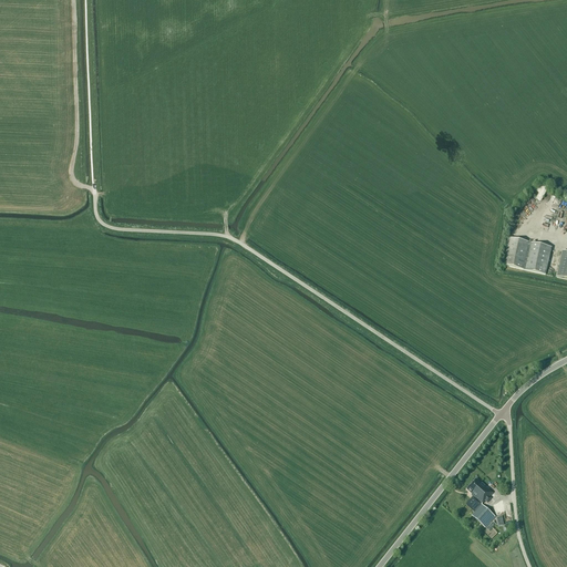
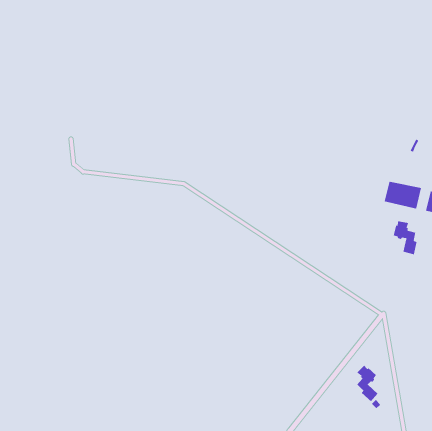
building: none -> [393,220,417,255]

